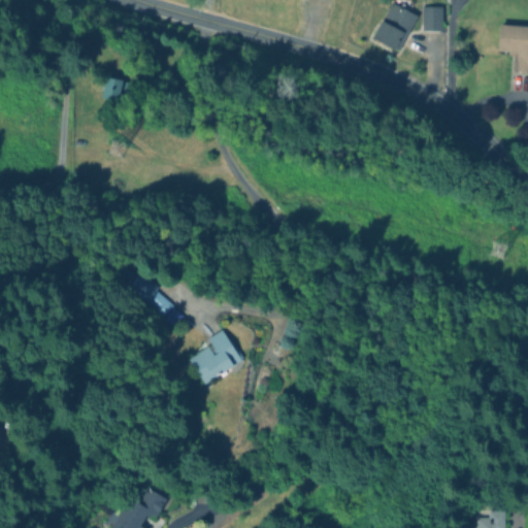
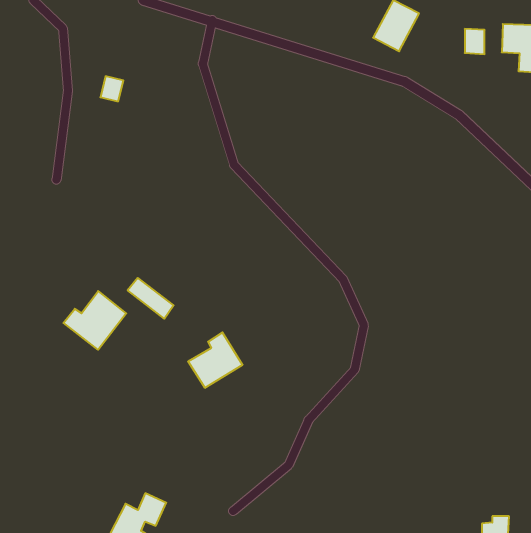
building: [424,6,443,31] -> [465,29,485,54]
building: none -> [63,291,126,350]

